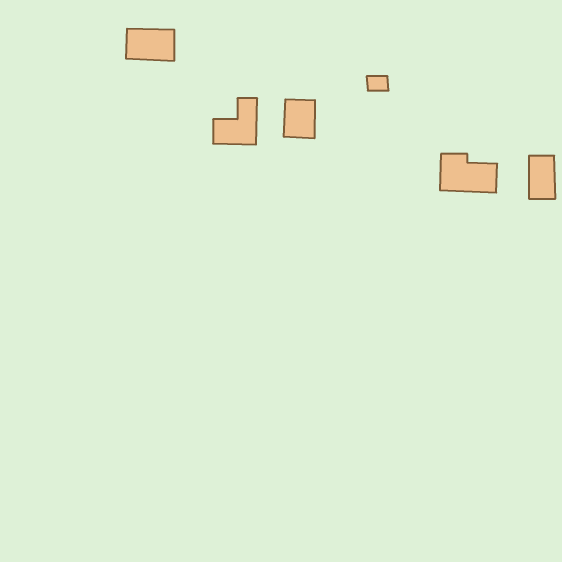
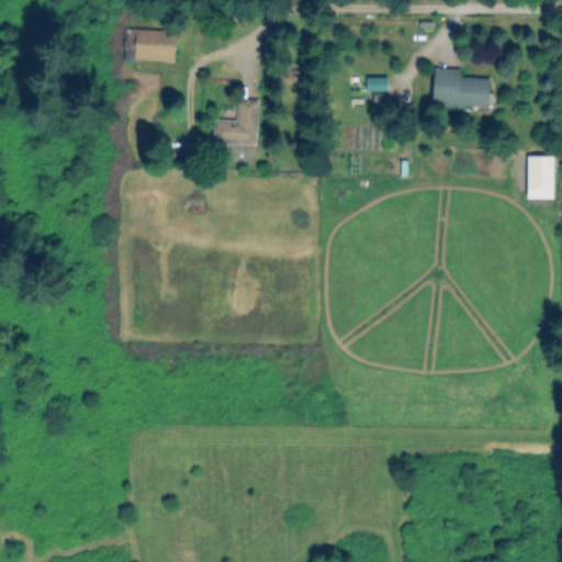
building: [284,99,315,138] -> none
building: [440,154,497,193] -> [434,69,491,108]

